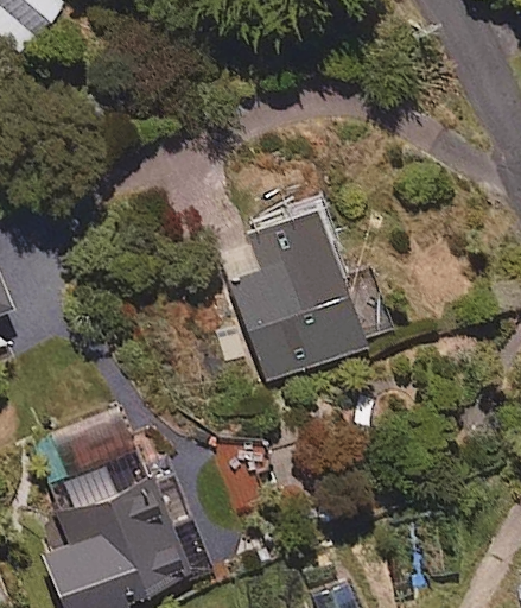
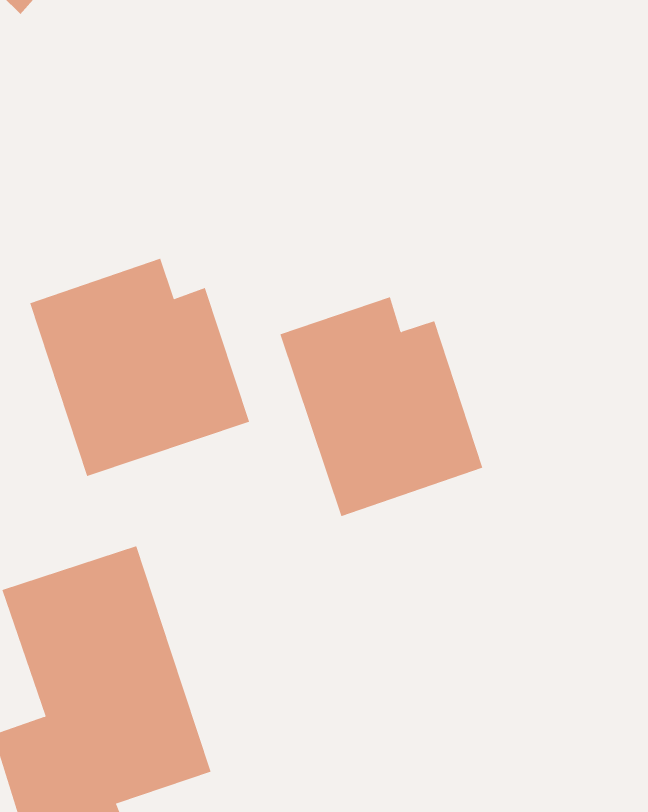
building: none -> [30,258,250,477]

